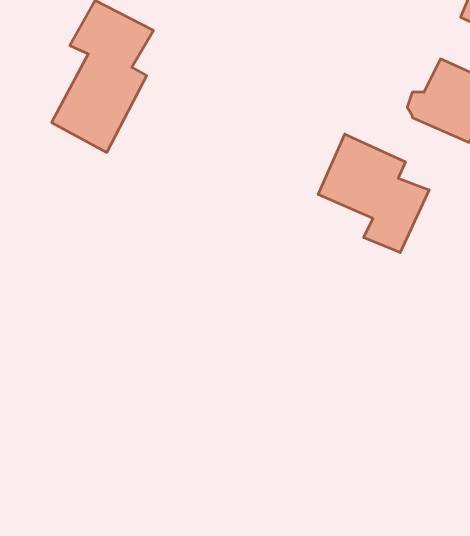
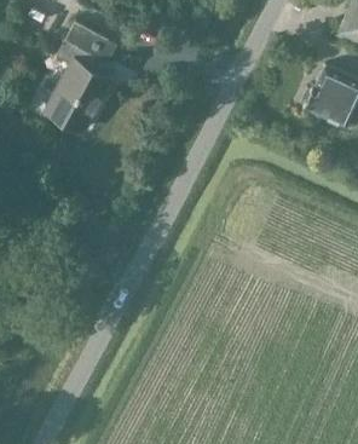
building: [318,134,429,253] -> none

